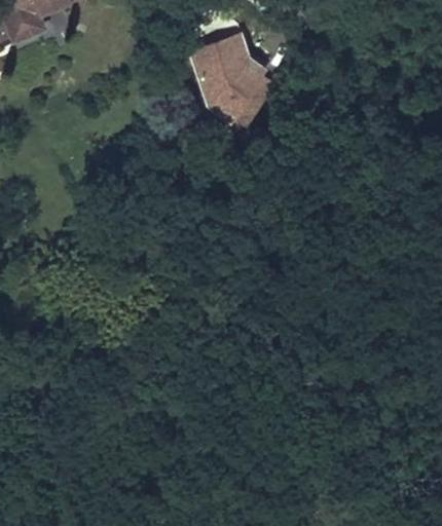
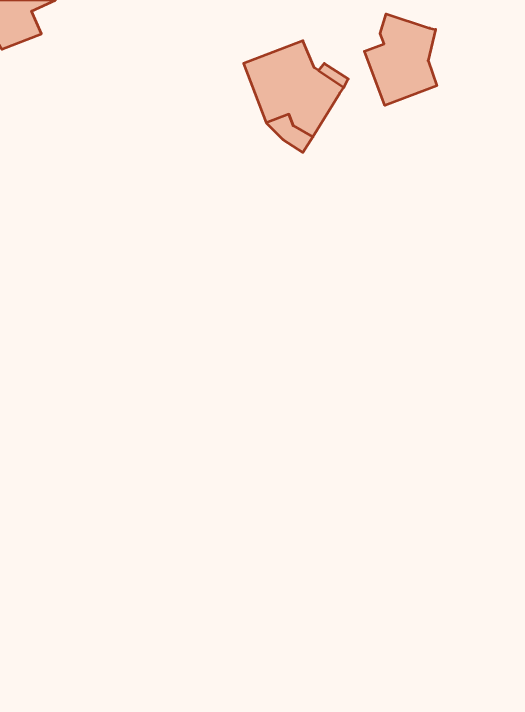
building: none -> [364,14,437,105]

